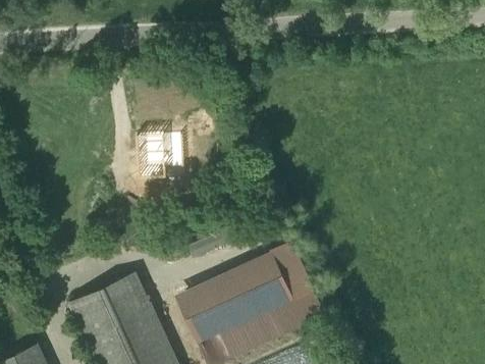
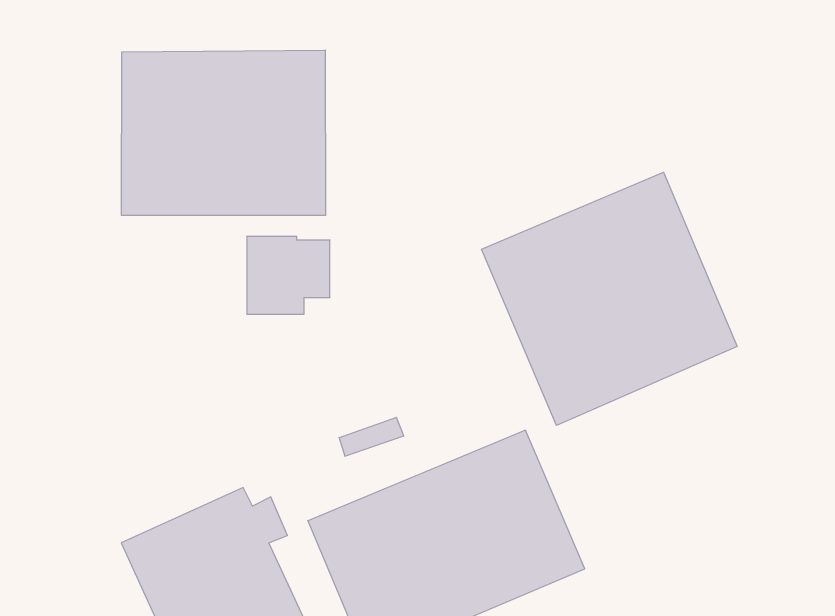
building: none -> [121,50,326,215]
building: none -> [482,172,737,425]

